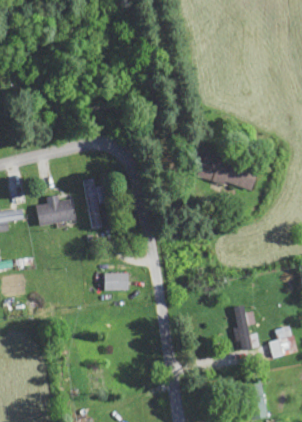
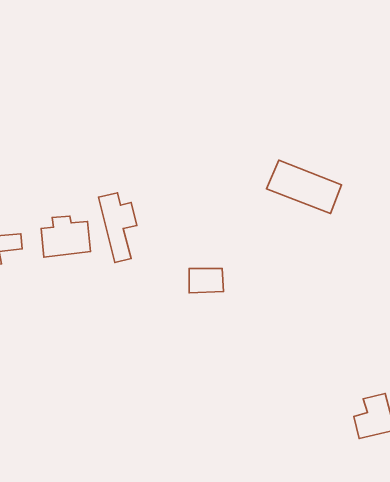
building: [105,273,130,291] -> [189,268,223,293]
building: [233,306,259,350] -> none

